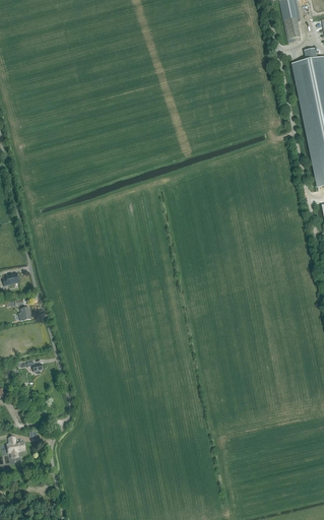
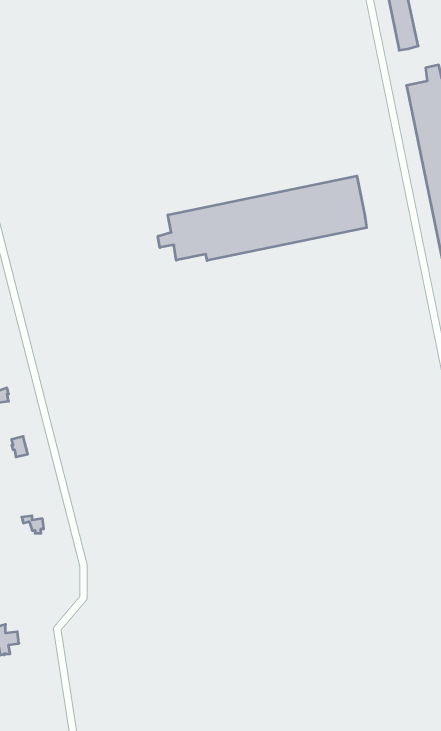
building: none -> [158,176,367,261]

